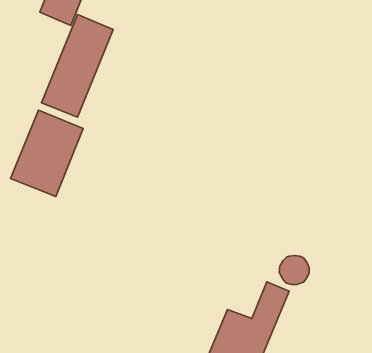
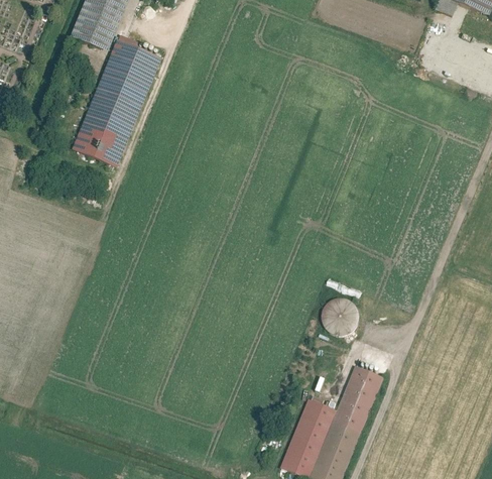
building: [11,110,83,196] -> none
building: [279,255,309,285] -> [316,296,352,332]

